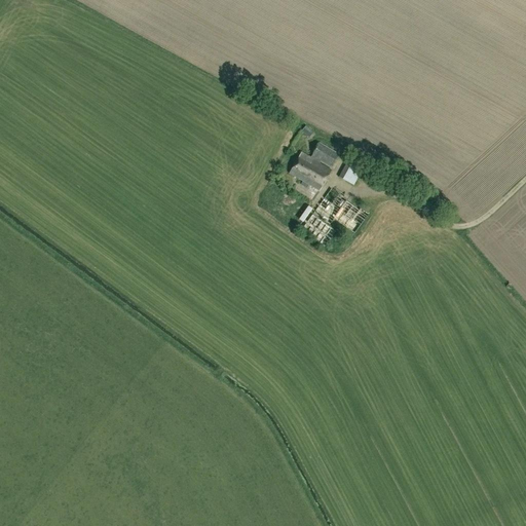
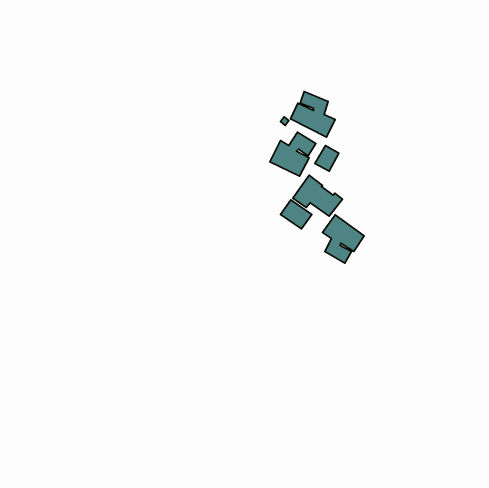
building: none -> [291,92,335,137]
building: none -> [323,215,364,263]

